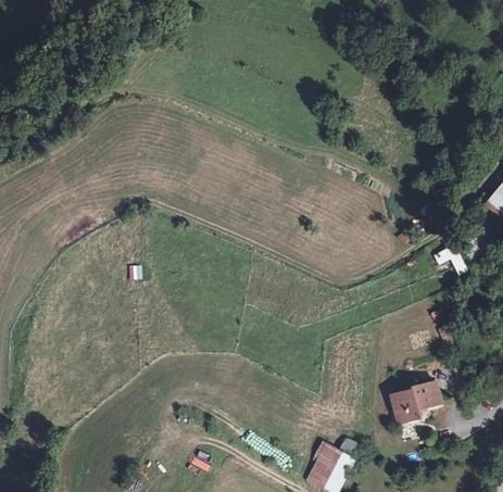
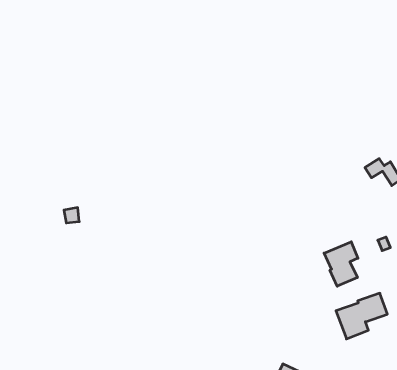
building: none -> [324,242,358,286]

